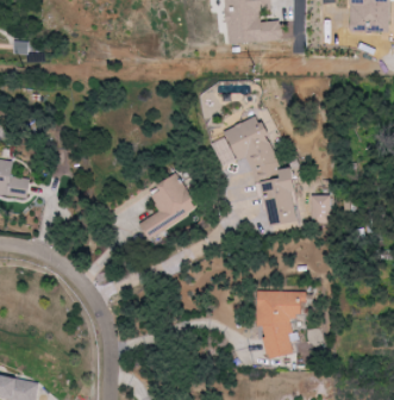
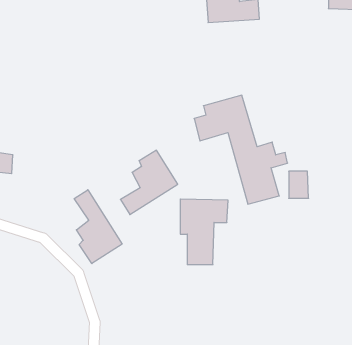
building: none -> [74,190,122,264]
building: [257,290,306,357] -> [180,199,228,265]

